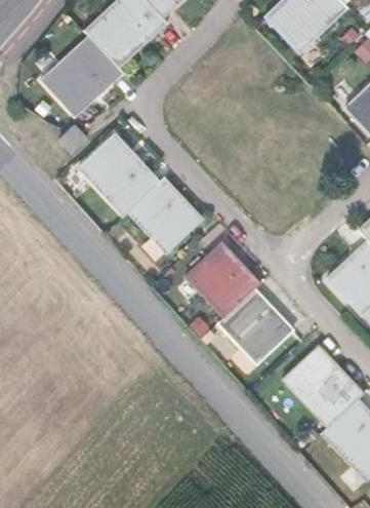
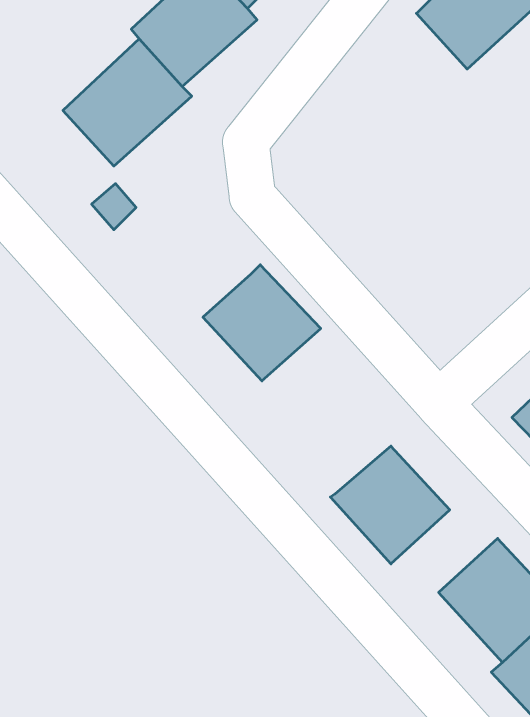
building: [82,134,163,214] -> none
building: [180,245,259,323] -> none

